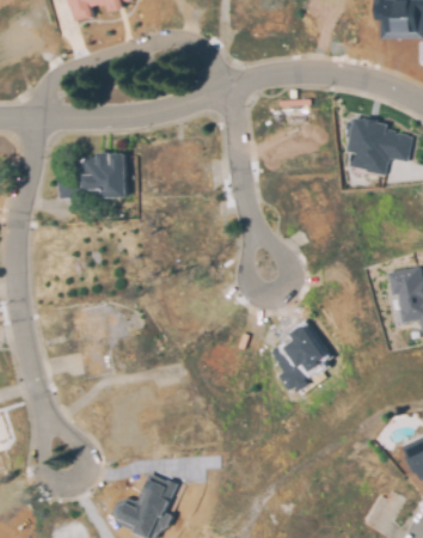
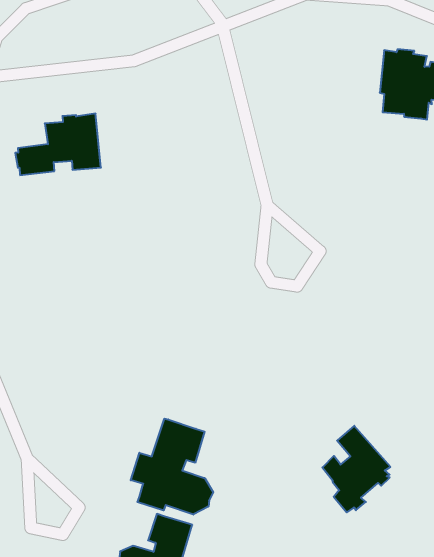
building: [274,320,327,389] -> [322,426,390,512]
building: none -> [131,419,213,515]

